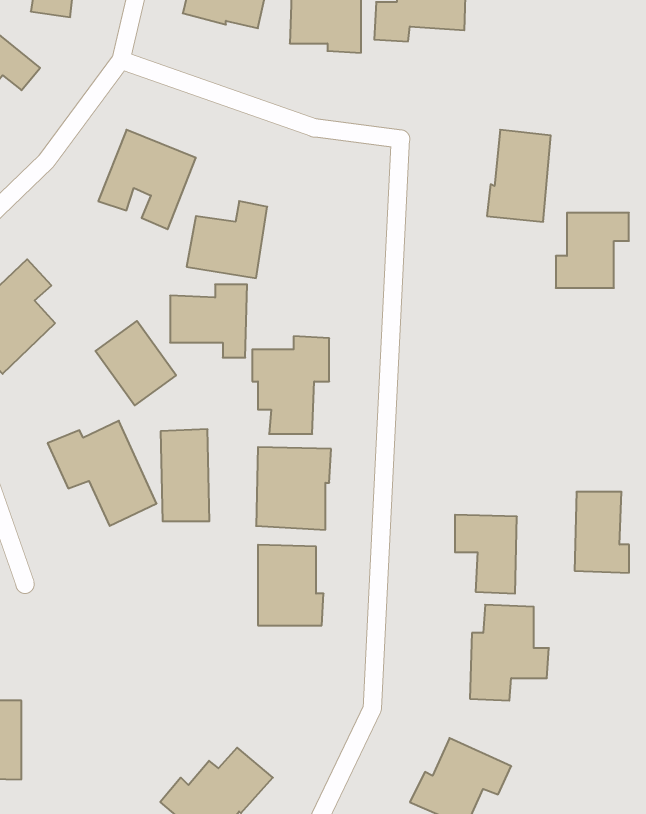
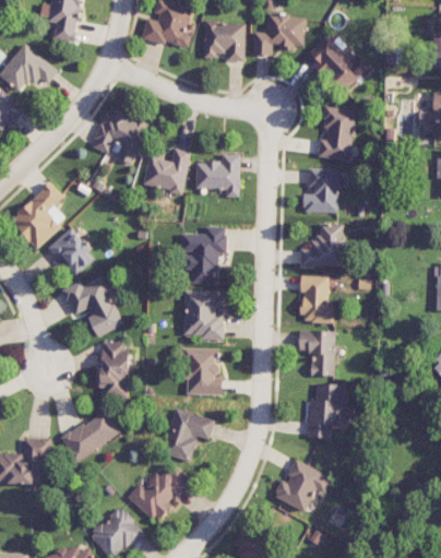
building: none -> [309,35,369,88]
building: [556,213,629,288] -> [302,168,345,212]
building: [170,284,247,358] -> [194,154,239,197]
building: [95,321,176,405] -> [48,227,95,276]
building: none -> [301,224,342,266]
building: [161,429,209,521] -> [99,342,128,395]
building: [575,492,629,573] -> [300,275,332,322]
building: none -> [160,407,214,462]
building: none -> [59,412,119,460]

